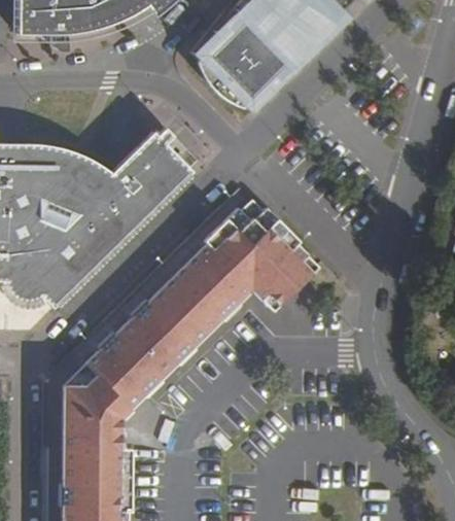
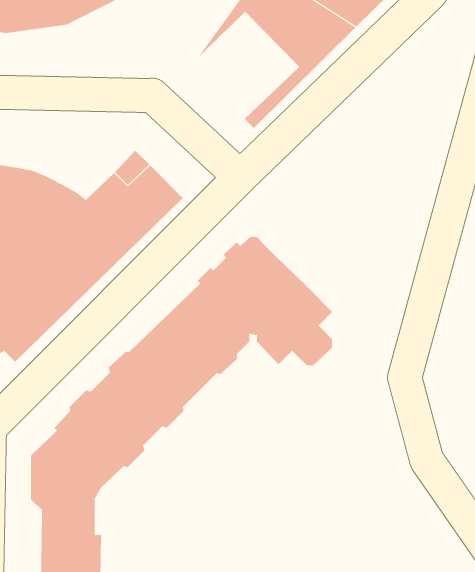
building: [198,18,287,106] -> none

